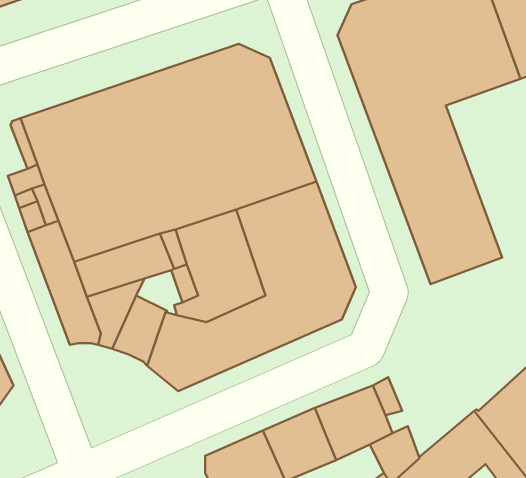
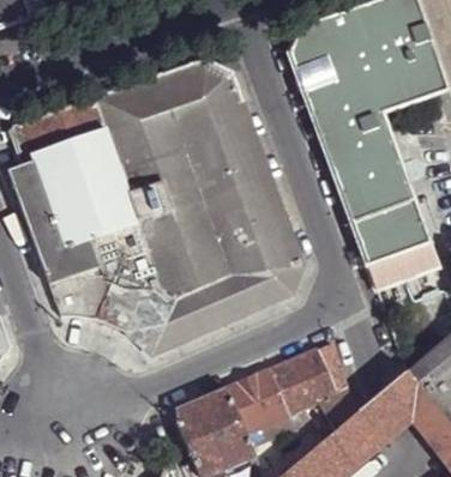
building: none -> [367,241,437,289]

